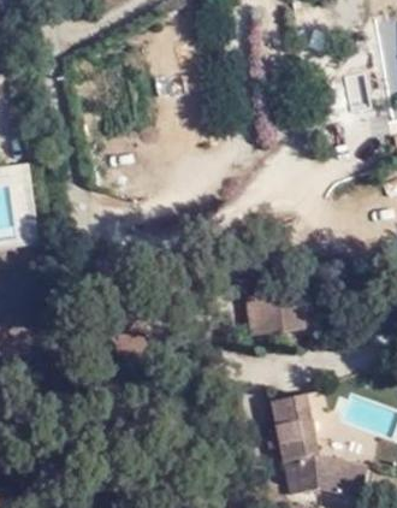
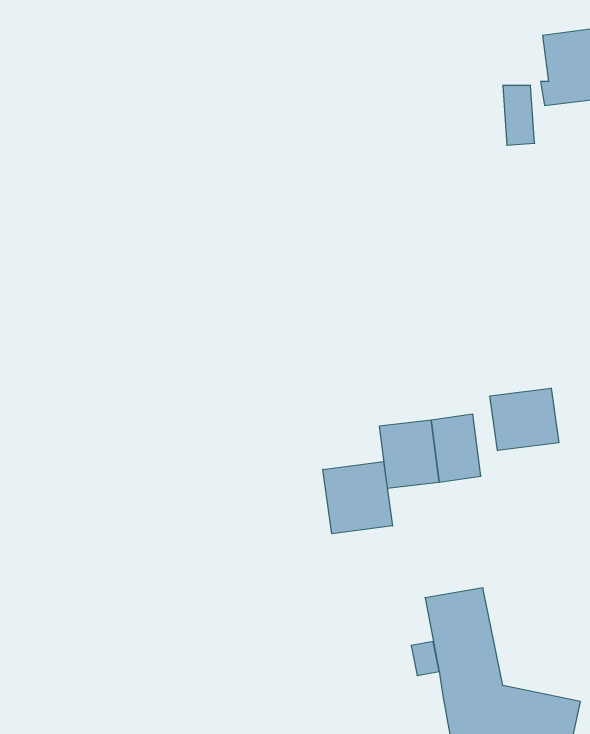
building: none -> [490,388,559,451]
building: none -> [323,462,392,534]

